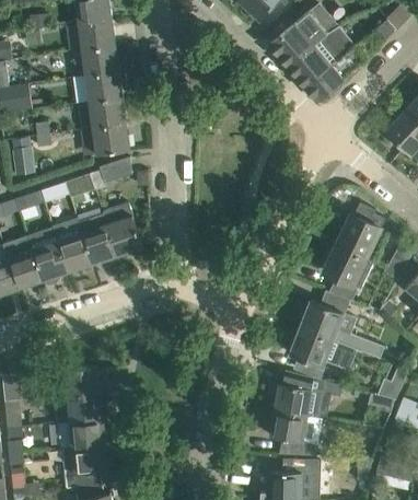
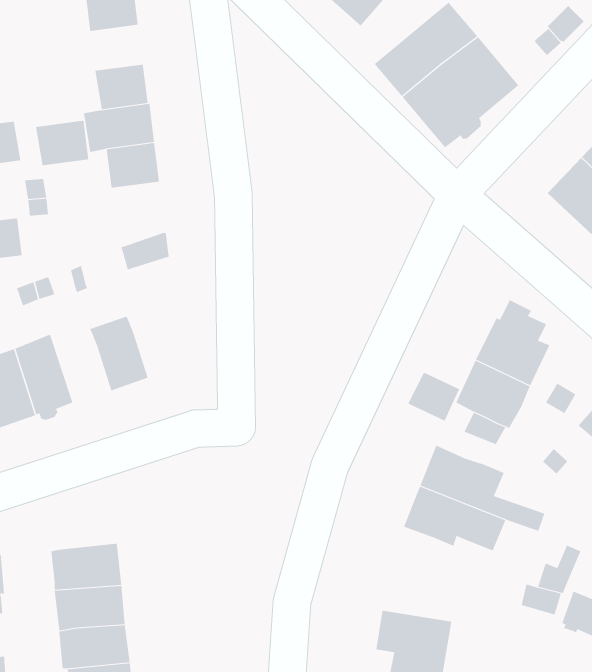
building: [78,19,114,49] -> none
building: [92,124,128,154] -> [35,120,89,166]
building: [103,204,142,255] -> none
building: [51,221,92,271] -> none
building: none -> [407,372,460,421]
building: [274,371,342,419] -> none

